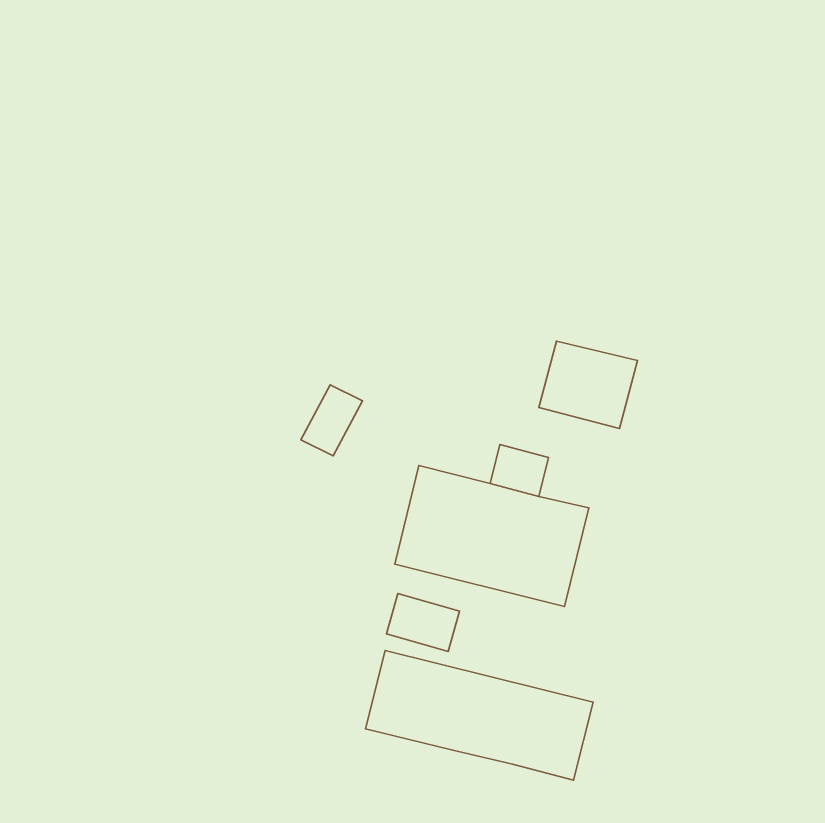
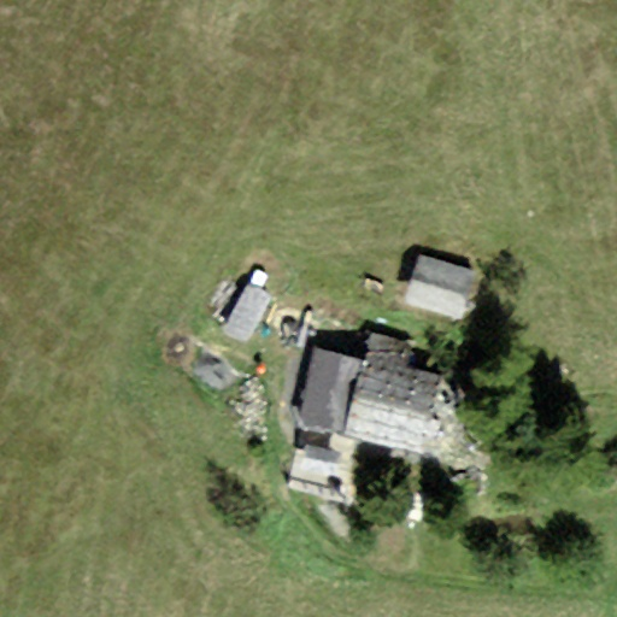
building: [366,651,593,780] -> none

